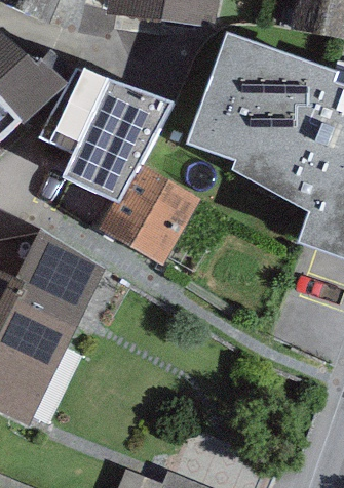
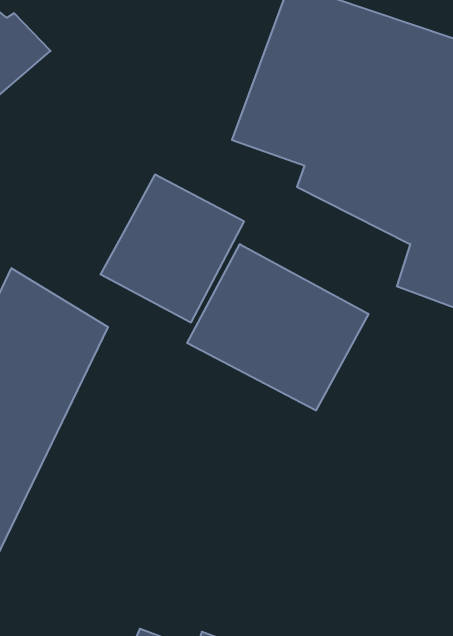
building: [37,65,170,198] -> none
building: none -> [187,244,368,410]

